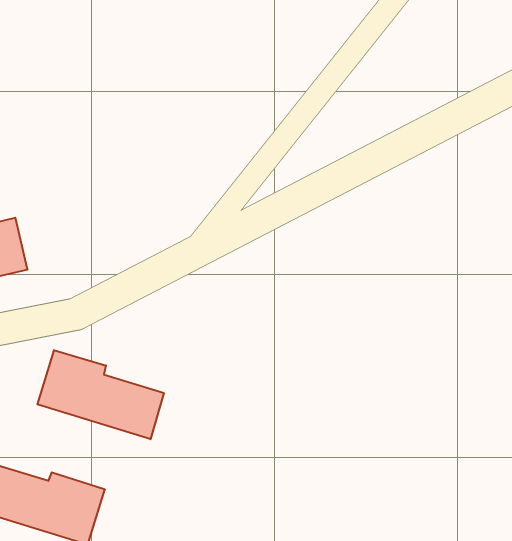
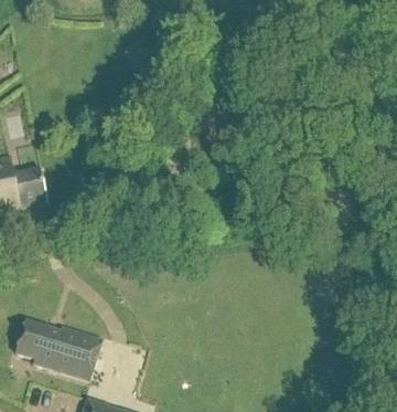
building: [37,350,164,439] -> none

